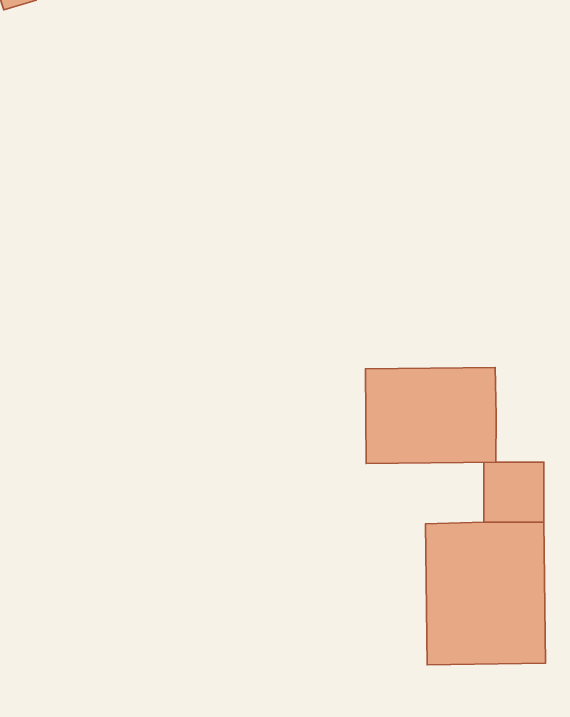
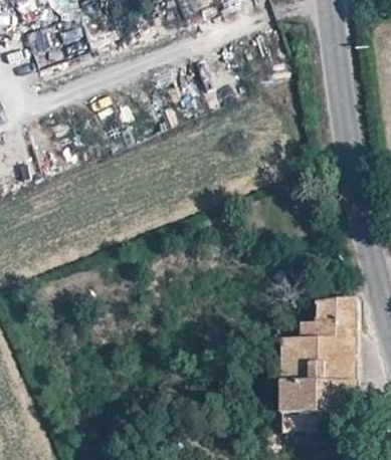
building: [365,367,496,464] -> none

